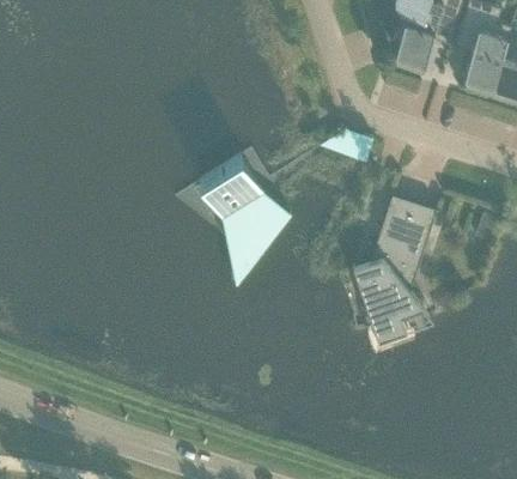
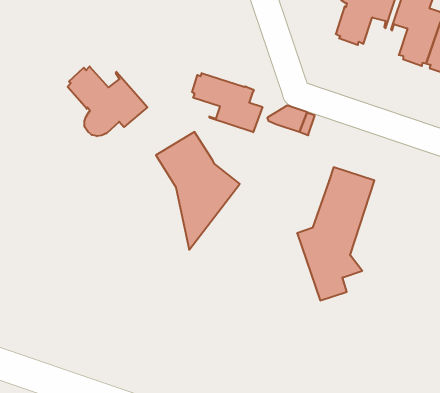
building: none -> [68,66,147,136]
building: none -> [192,73,262,132]

